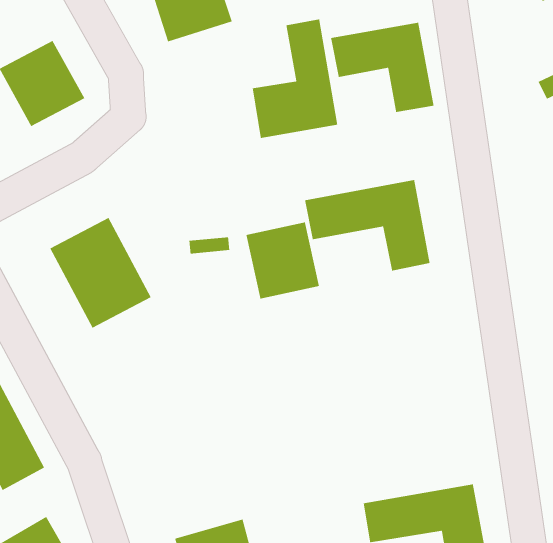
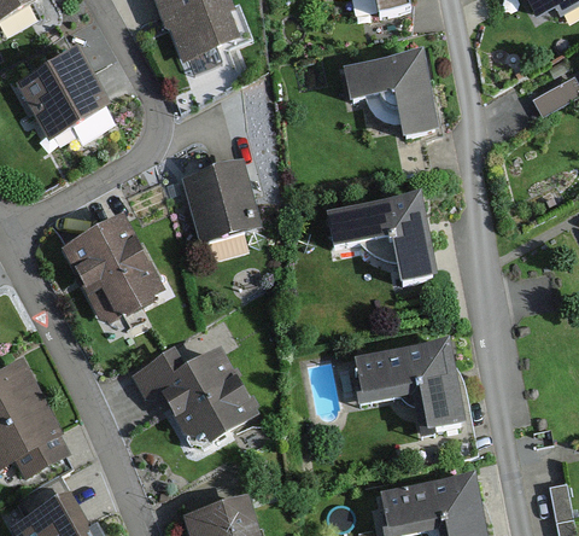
building: [252,18,338,139] -> none
building: [245,222,320,300] -> [191,173,259,245]
building: none -> [341,337,458,421]
building: none -> [140,356,262,448]

